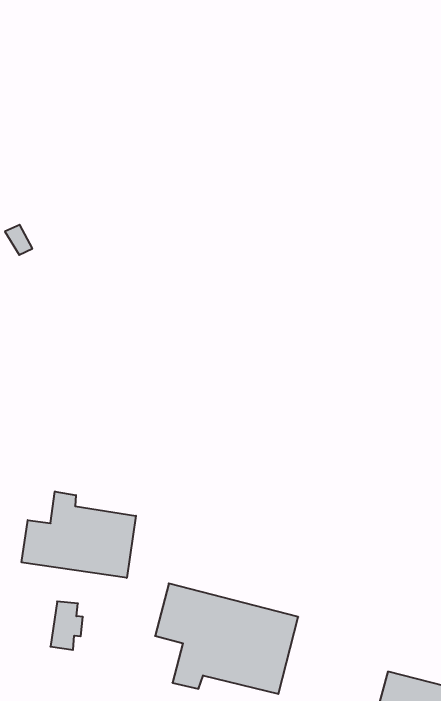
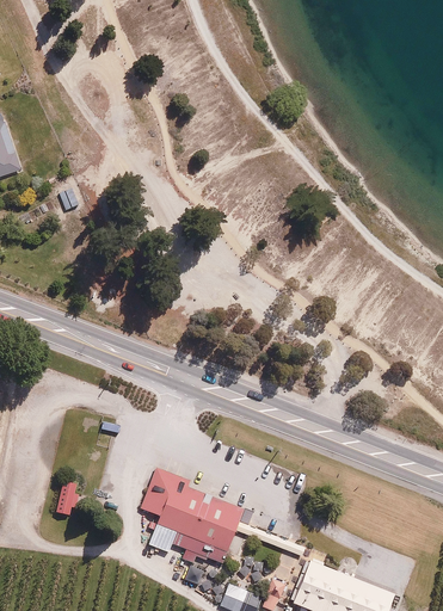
building: [22,491,136,578] -> none

